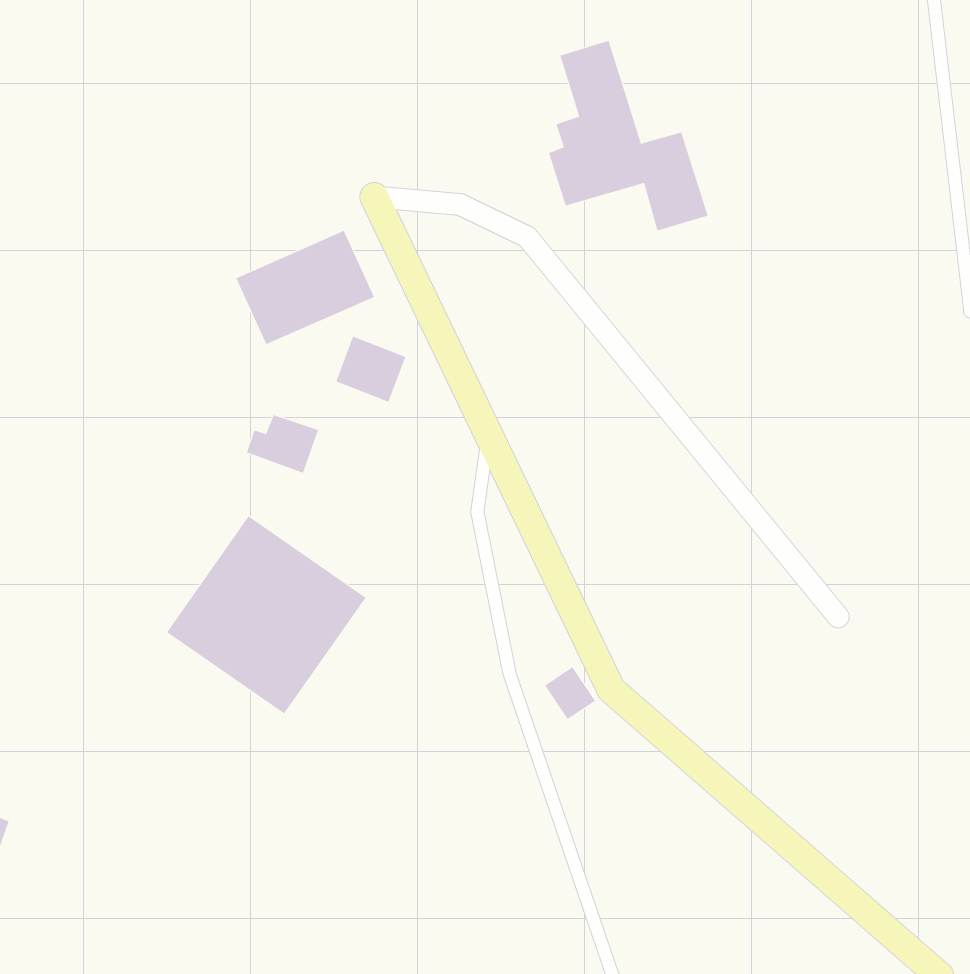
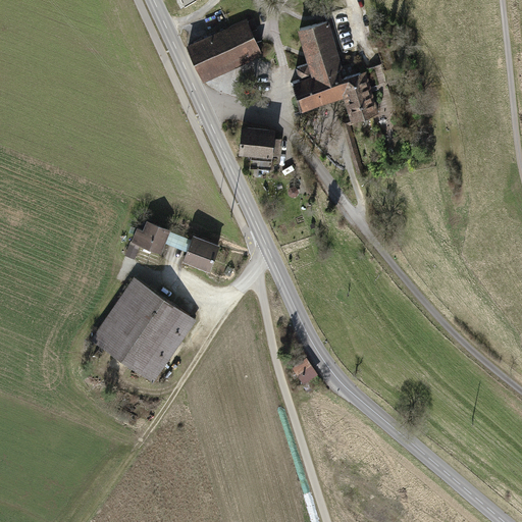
building: [235,230,375,345] -> [187,20,261,82]
building: none -> [240,127,275,158]
building: [335,336,406,403] -> [184,237,221,272]

